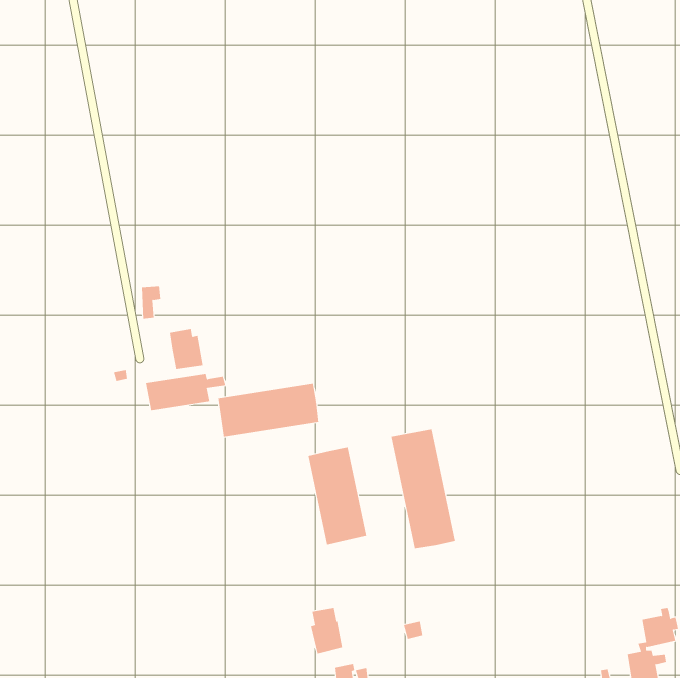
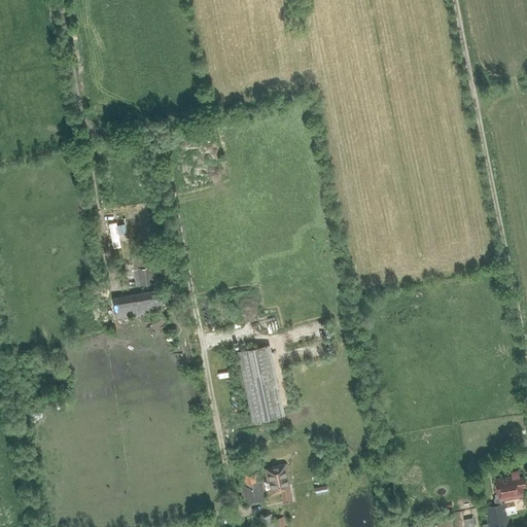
building: [218,383,319,437] -> none
building: [391,428,456,549] -> none
building: none -> [264,465,291,502]

